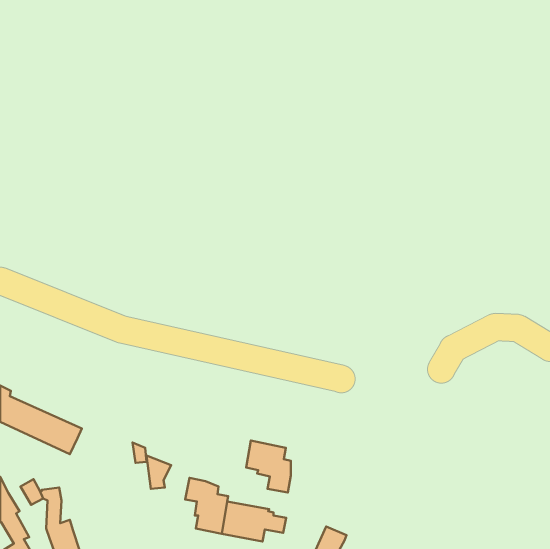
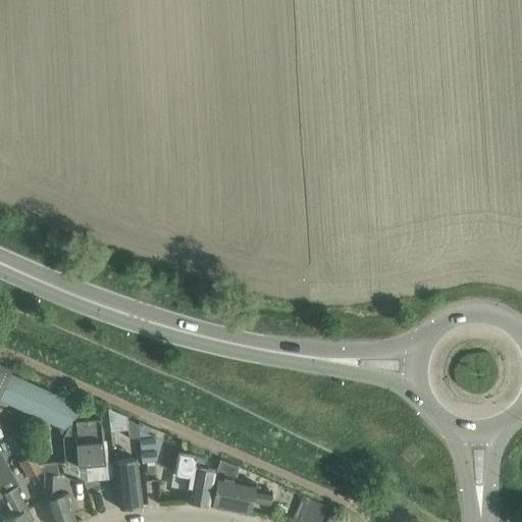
building: [246,440,291,492] -> none
building: none -> [71,419,103,466]
building: none -> [113,459,142,510]

